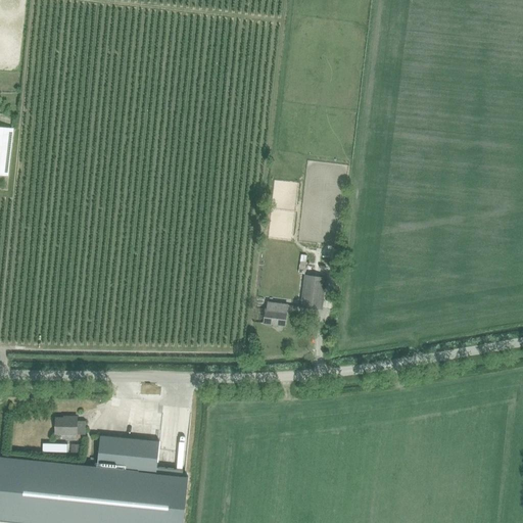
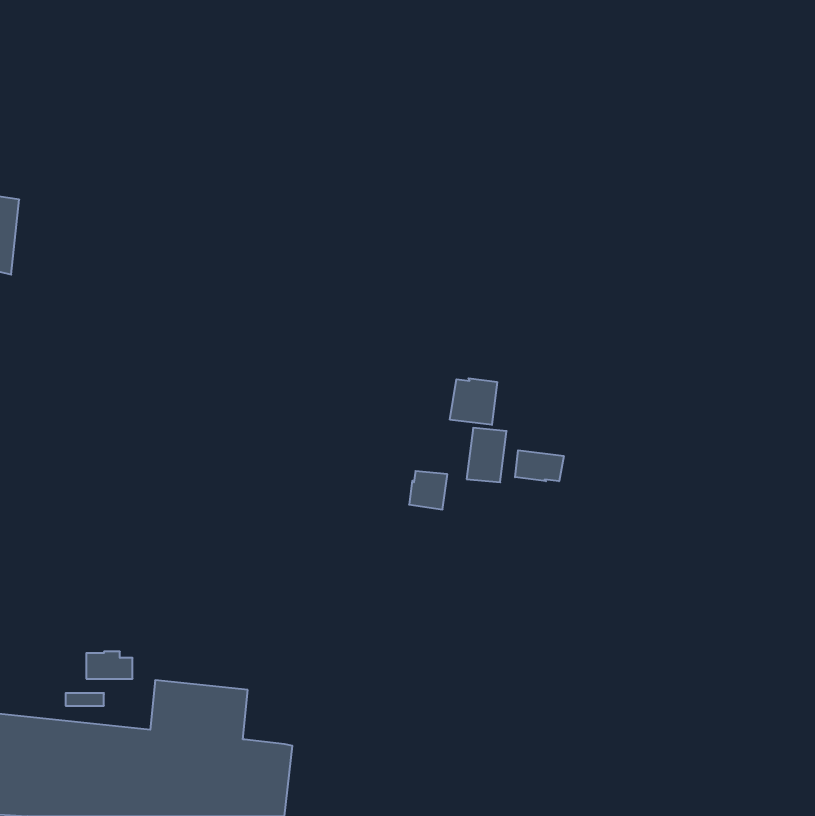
building: none -> [450,378,497,425]
building: none -> [515,450,564,481]

